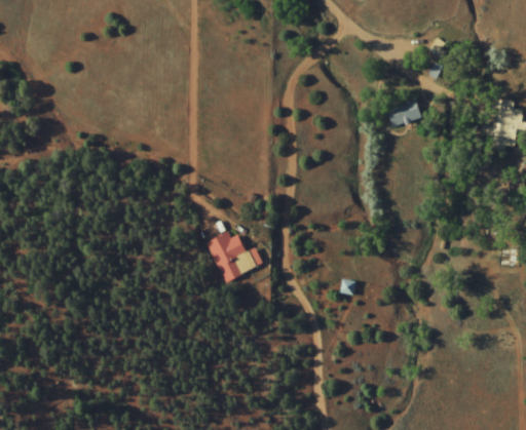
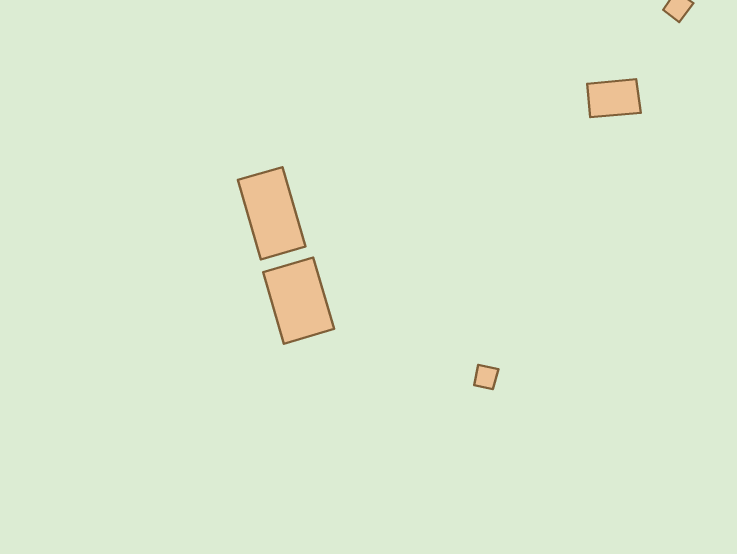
building: none -> [238,167,306,259]

